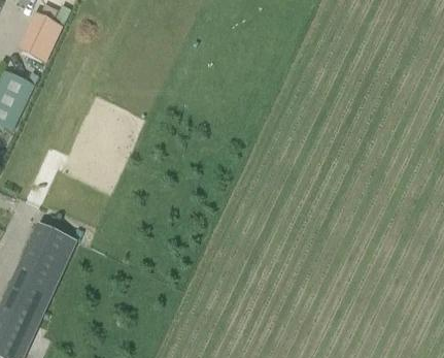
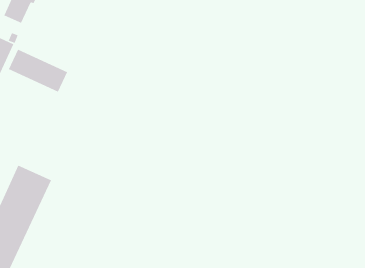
building: none -> [8,49,68,93]

